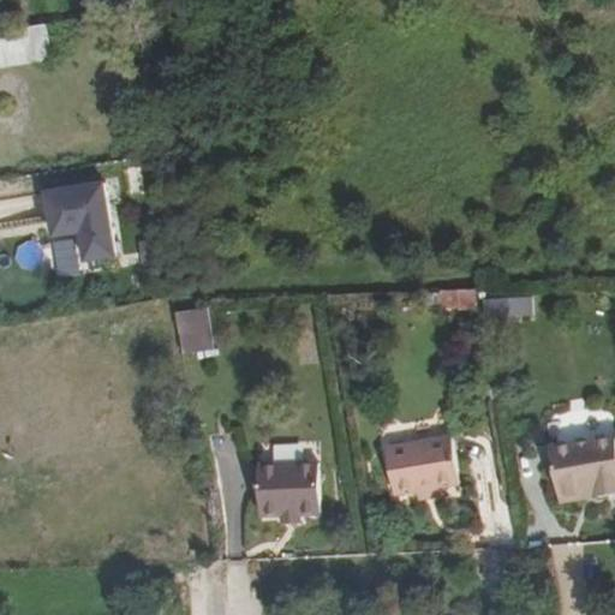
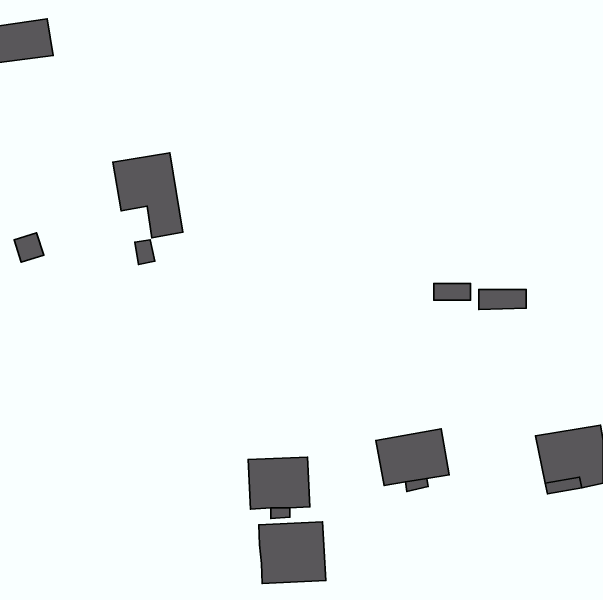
building: [43,179,114,265] -> [113,153,183,238]
building: [179,305,216,352] -> none
building: none -> [259,522,326,584]

